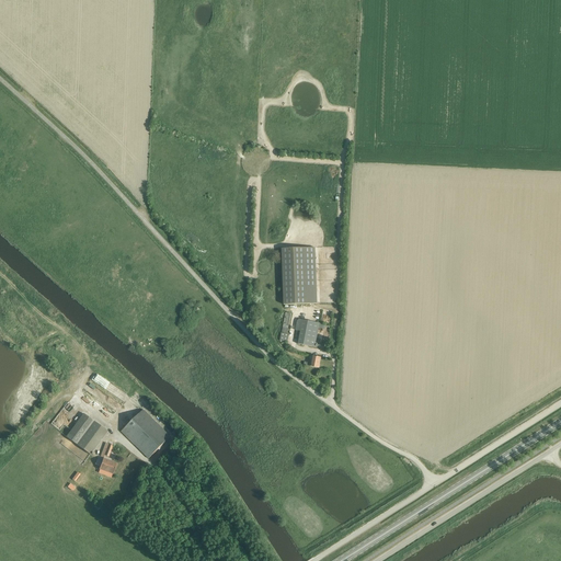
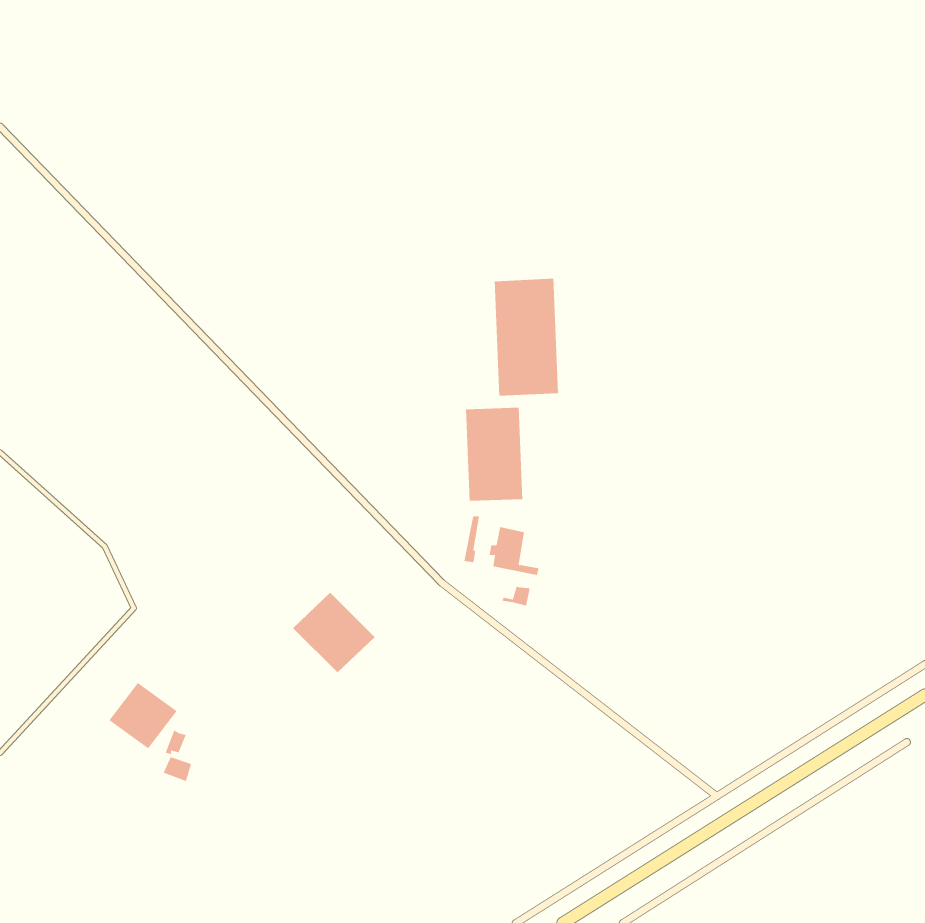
building: none -> [494,278,558,397]
building: [121,409,171,458] -> [292,592,375,673]

